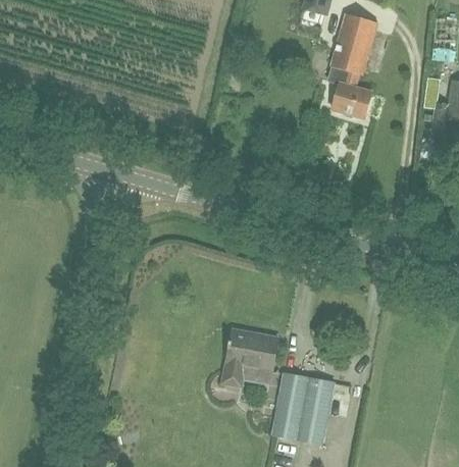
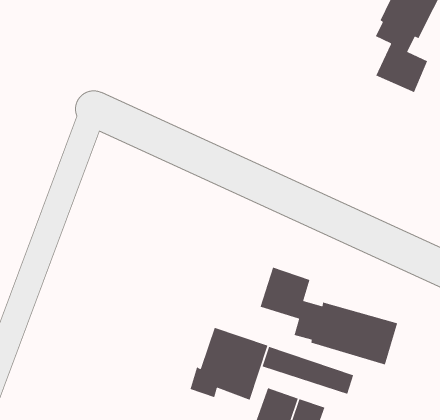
building: none -> [259,266,398,365]
building: none -> [261,346,354,395]

